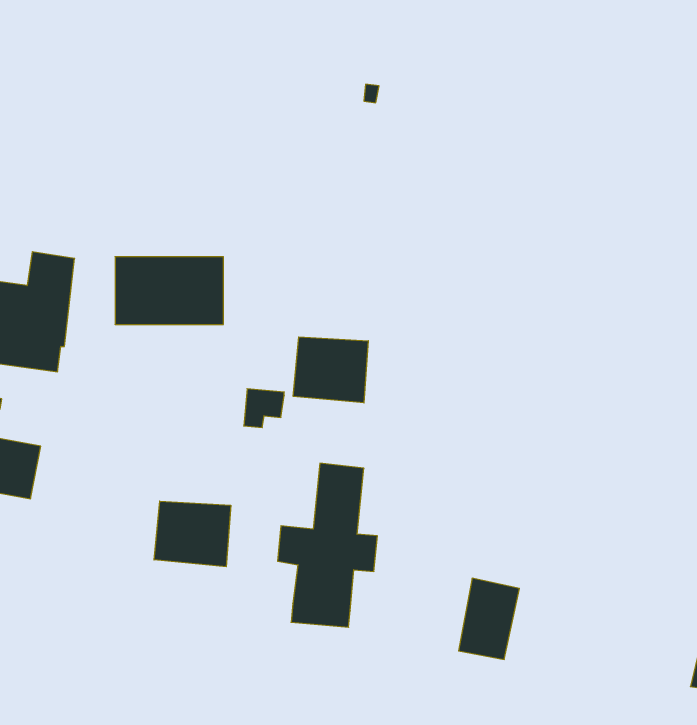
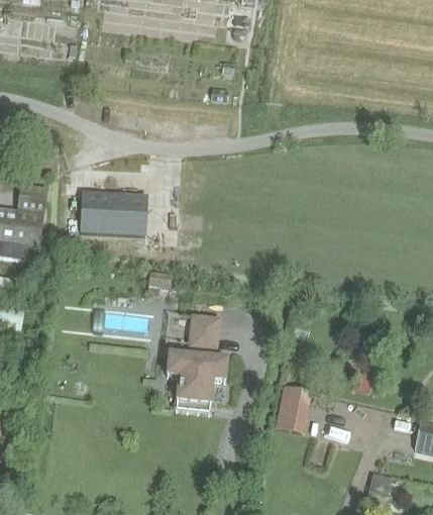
building: [293,337,368,403] -> none
building: [154,501,231,567] -> none

